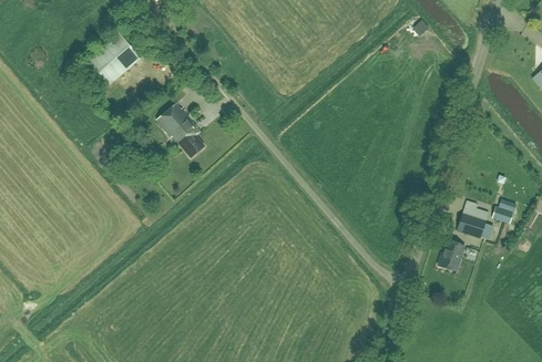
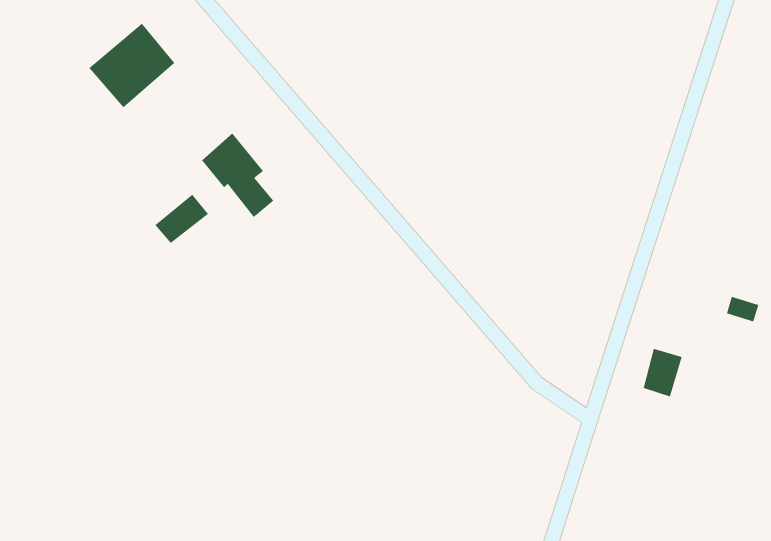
building: none -> [155,194,209,244]
building: [457,211,485,237] -> none

